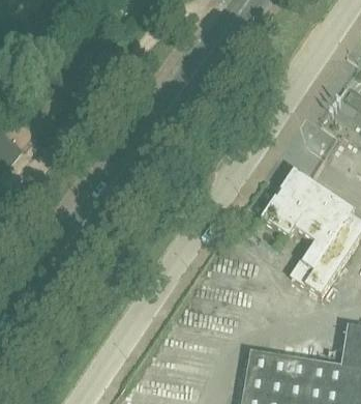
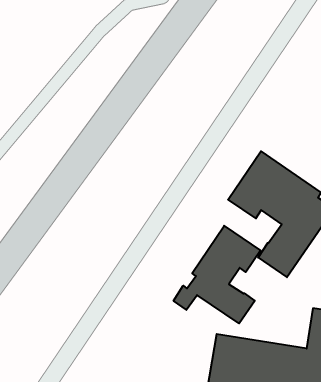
building: none -> [174,226,261,323]

